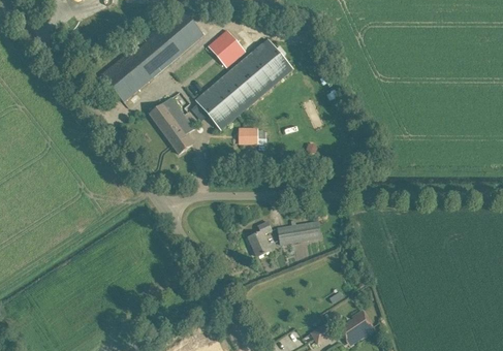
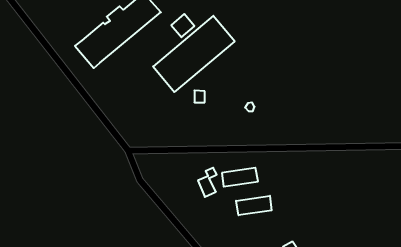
building: [149,97,192,153] -> none
building: none -> [236,196,272,215]

